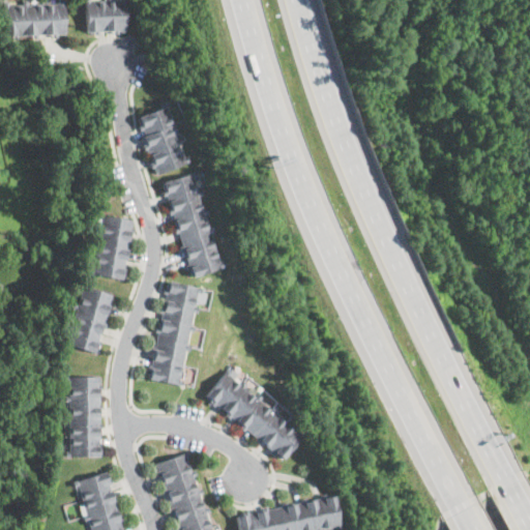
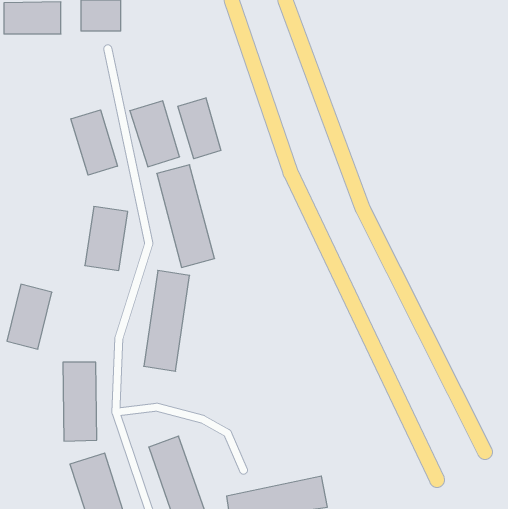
building: none -> [178,98,221,159]
building: none -> [71,110,117,175]
building: [66,287,113,354] -> [7,284,52,349]
building: [205,371,306,461] -> none

